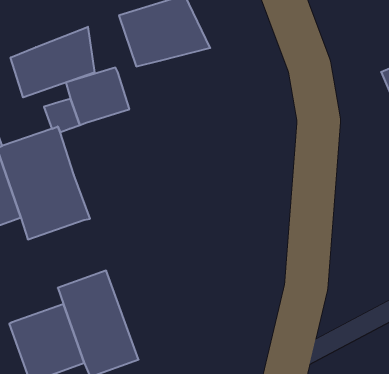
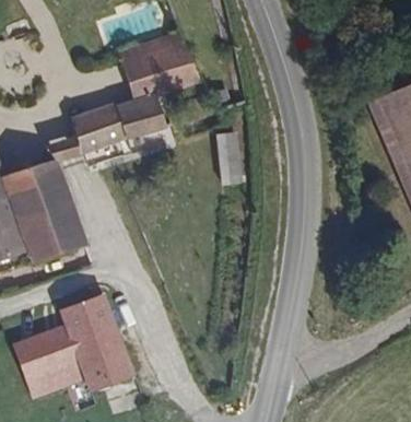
building: [11,27,94,97] -> none
building: none -> [116,95,168,141]
building: none -> [218,132,243,186]

